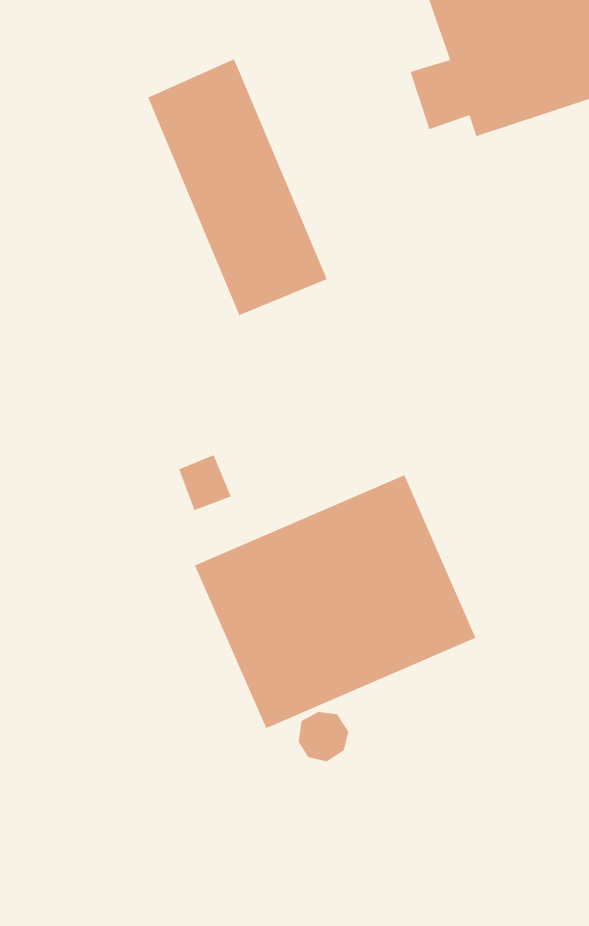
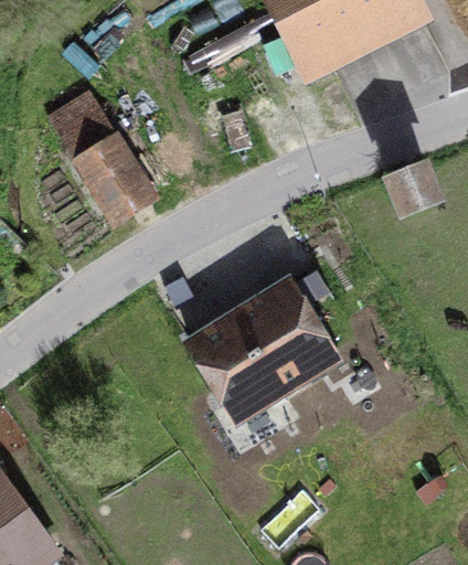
building: [147,58,328,316] -> [46,86,161,228]

